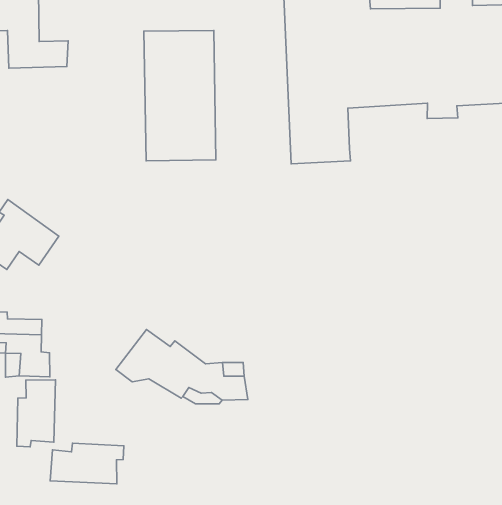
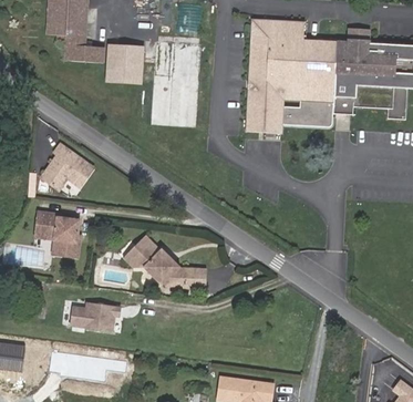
building: none -> [106,41,144,82]
building: none -> [282,101,335,128]
building: [17,380,56,447] -> none

